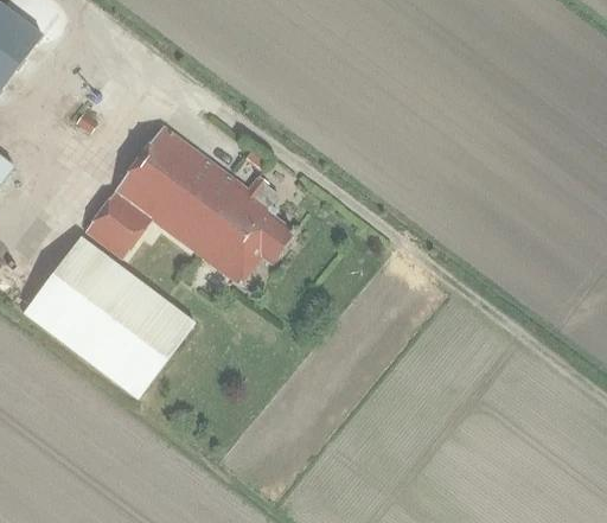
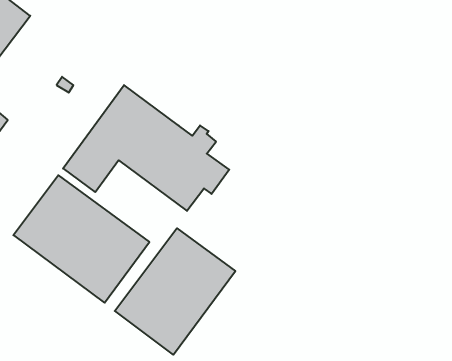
building: none -> [115,228,235,355]

